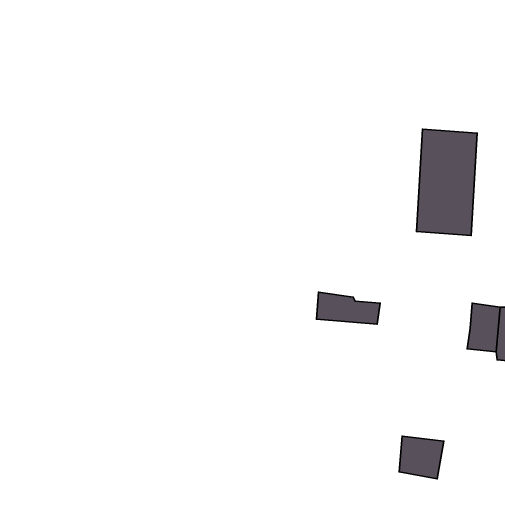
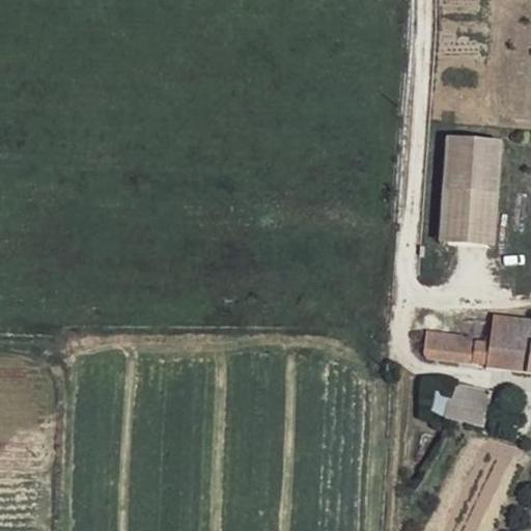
building: [316,292,380,324] -> [427,331,494,364]
building: [399,436,444,479] -> [439,378,485,422]

